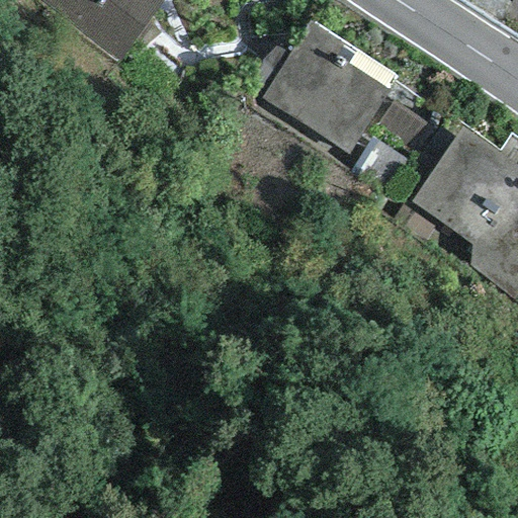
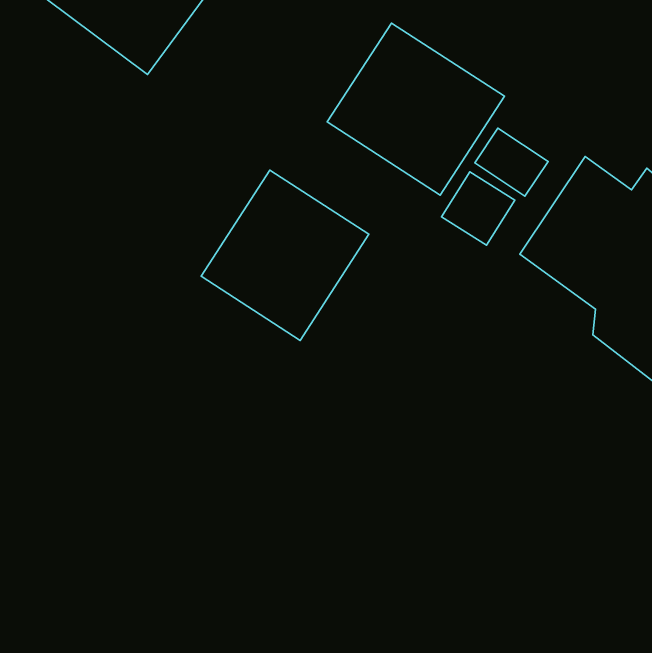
building: none -> [201,170,369,340]

